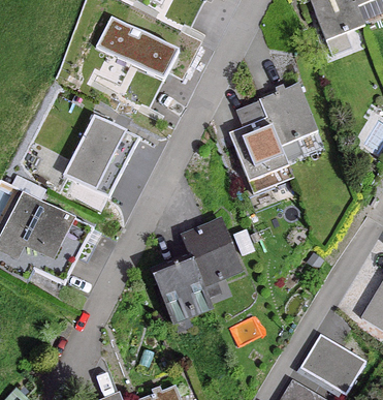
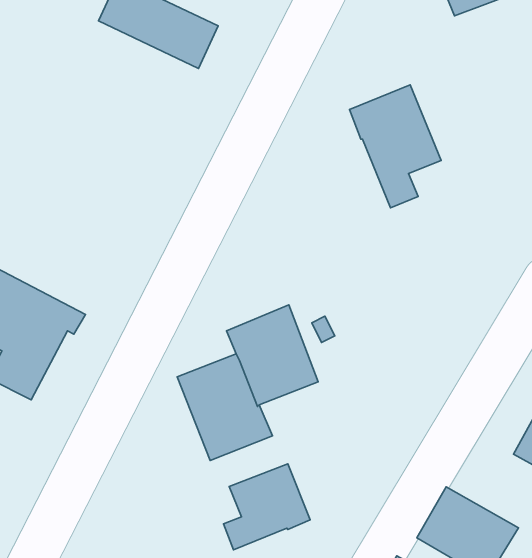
building: [65,114,139,195] -> none
building: [229,118,287,182] -> none
building: none -> [223,464,310,550]

